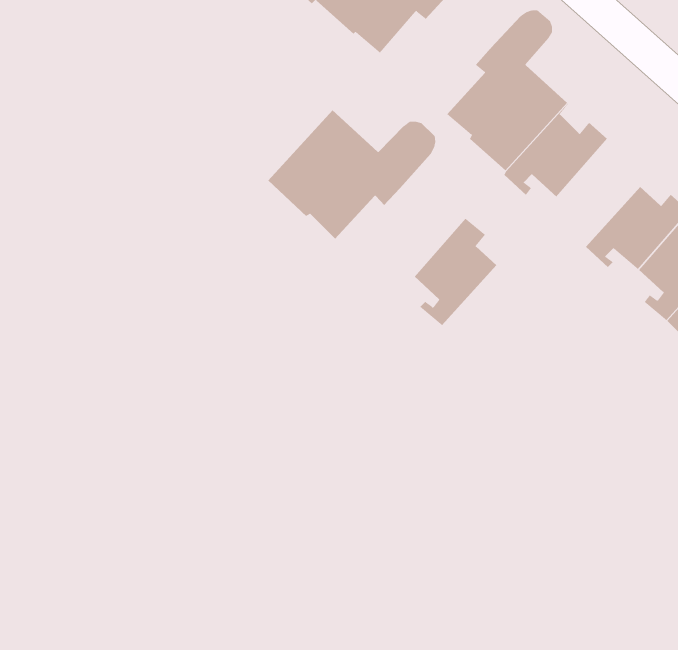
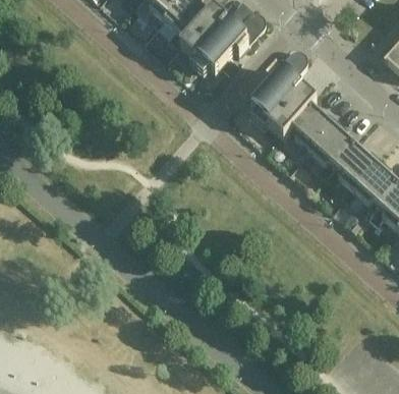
building: [268,109,436,239] -> none
building: [414,218,497,326] -> [309,116,354,174]

